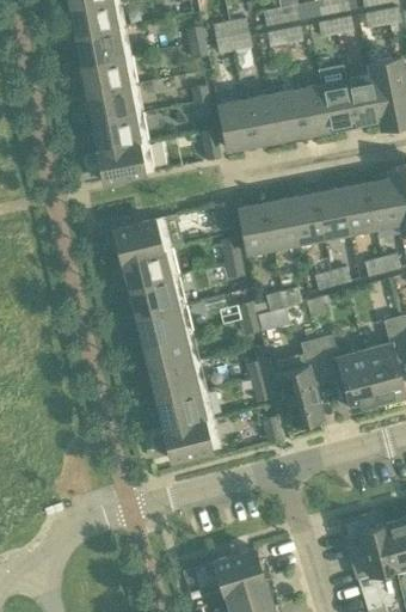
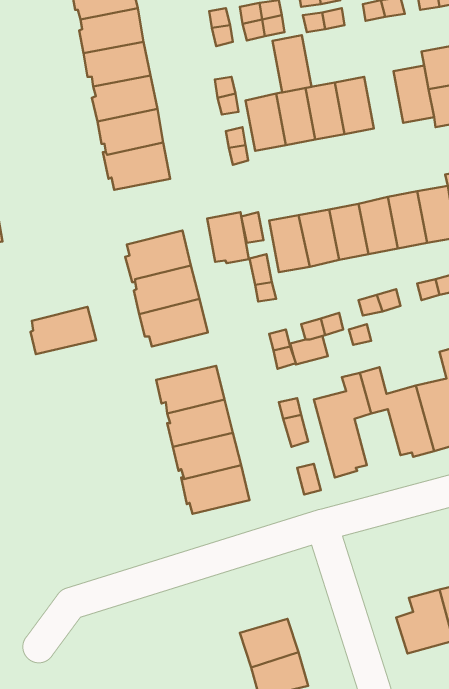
building: [319,80,352,129] -> [272,35,312,92]
building: none -> [207,212,249,263]
building: [136,304,192,344] -> [30,307,96,354]

